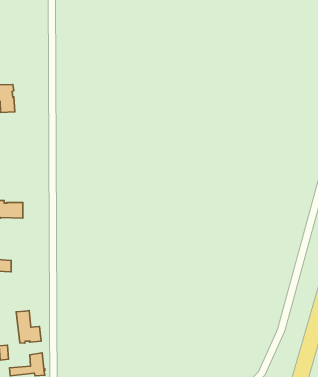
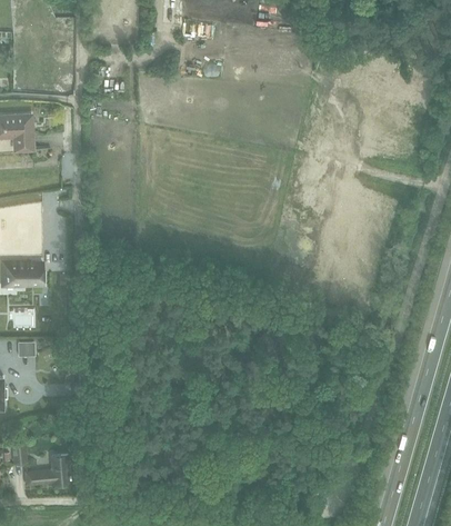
building: [16,311,41,343] -> none

